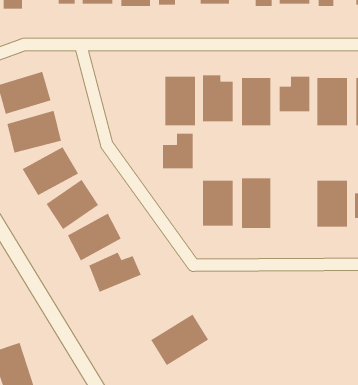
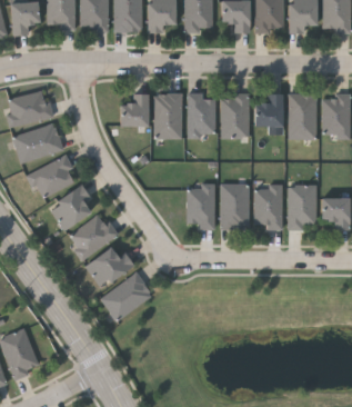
building: [162,133,194,169] -> [121,93,149,126]
building: none -> [255,185,283,228]
building: [150,314,209,366] -> [101,274,153,320]

